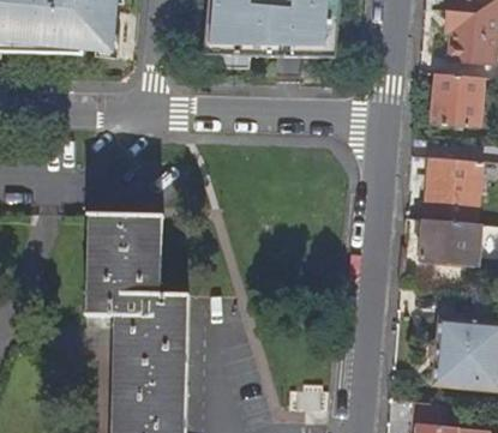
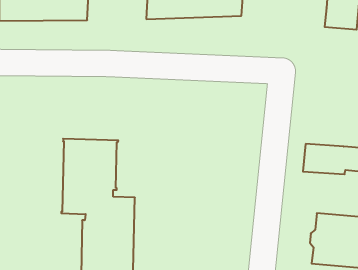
building: [433,73,485,126] -> none
building: [424,157,481,224] -> none

